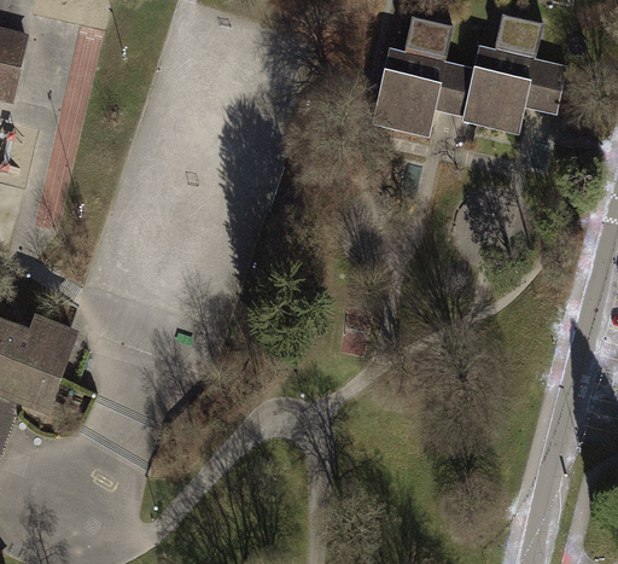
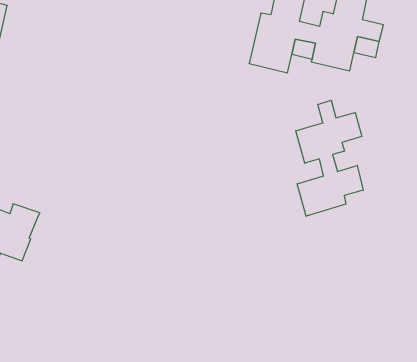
building: none -> [296,100,363,216]

